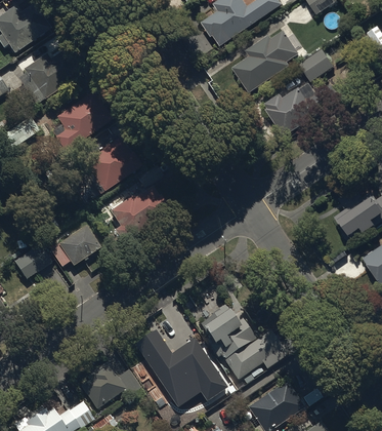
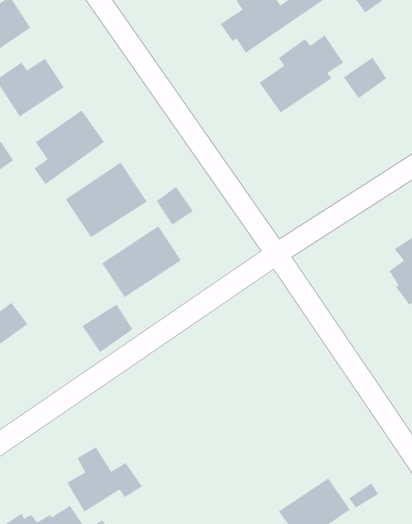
building: [265,83,341,138] -> none
building: none -> [156,186,194,226]
building: [57,225,98,264] -> [82,304,134,353]
building: [201,305,286,379] -> none
building: [133,326,227,404] -> none

